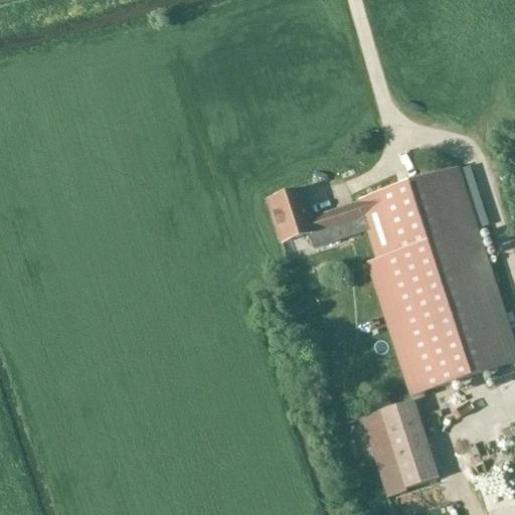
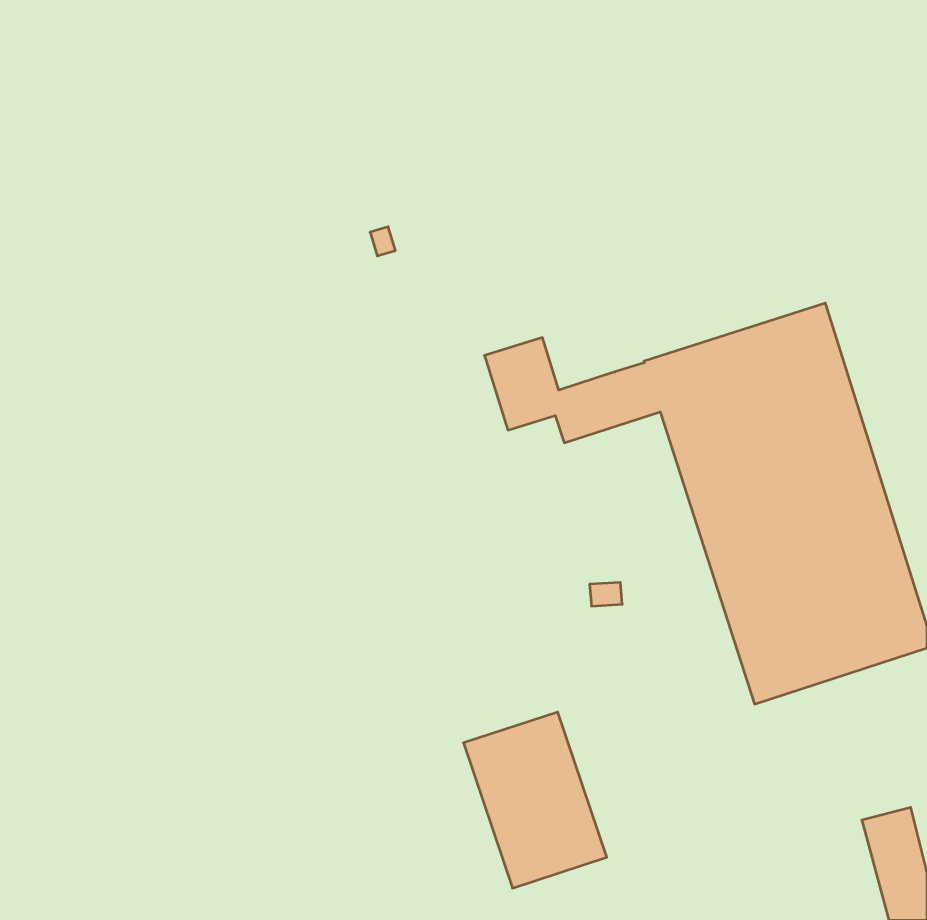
building: [361,399,441,497] -> [463,712,607,888]

